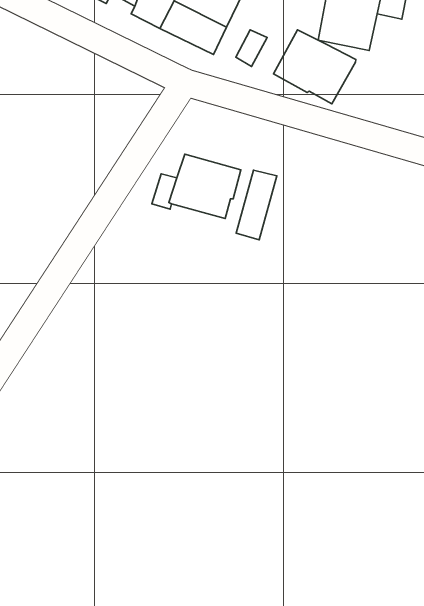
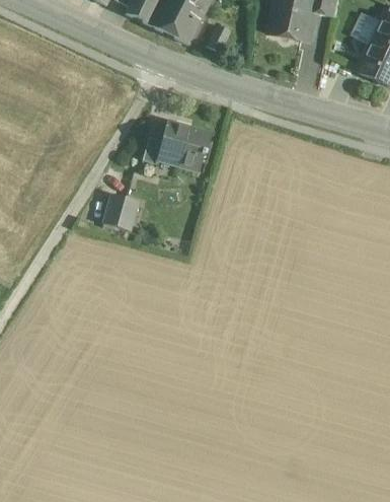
building: [274,30,356,104] -> none
building: [236,170,277,240] -> none
building: none -> [102,192,137,229]

